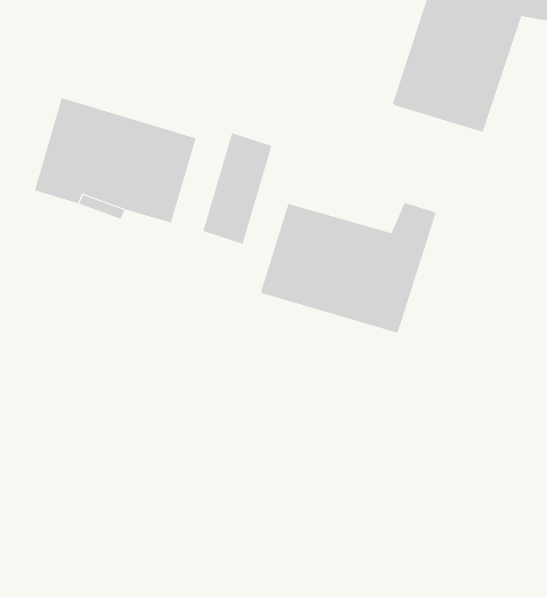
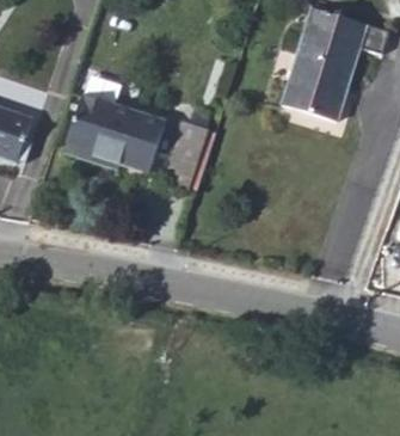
building: [261,202,437,334] -> none

